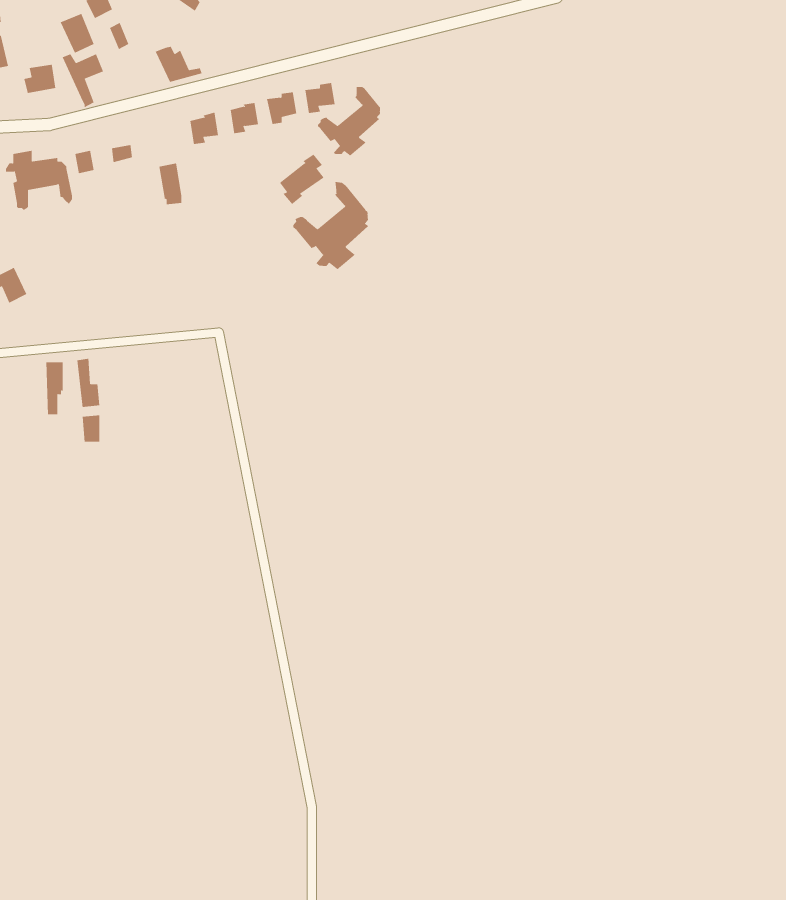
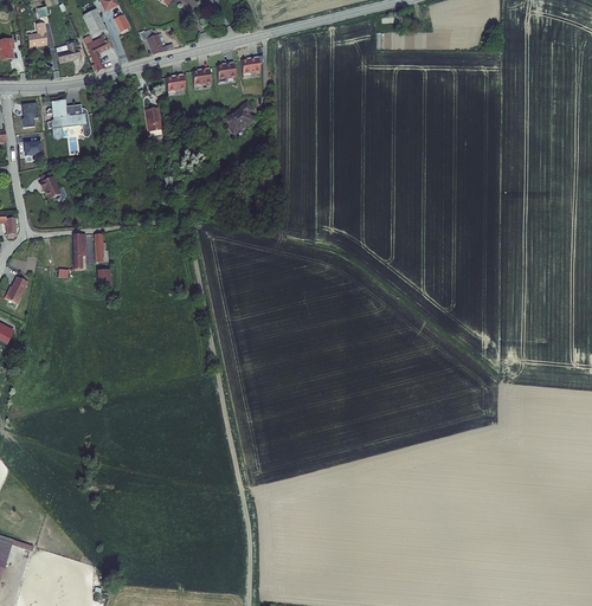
building: [317,86,381,157] -> none
building: [293,181,369,270] -> none

